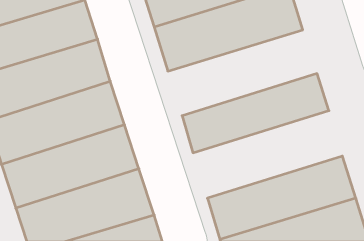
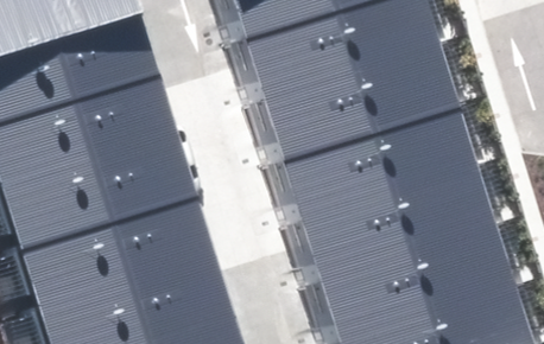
building: none -> [251,45,461,166]
building: none -> [286,159,496,282]

